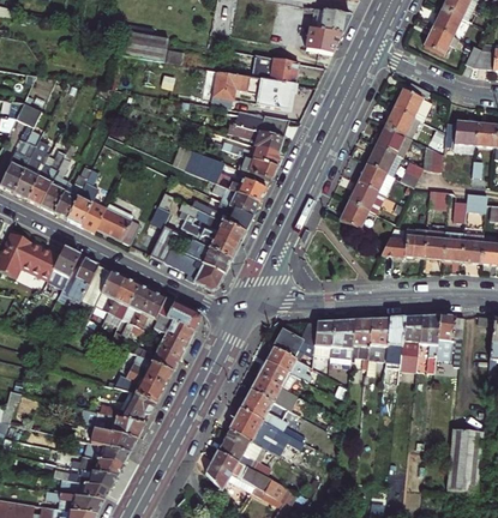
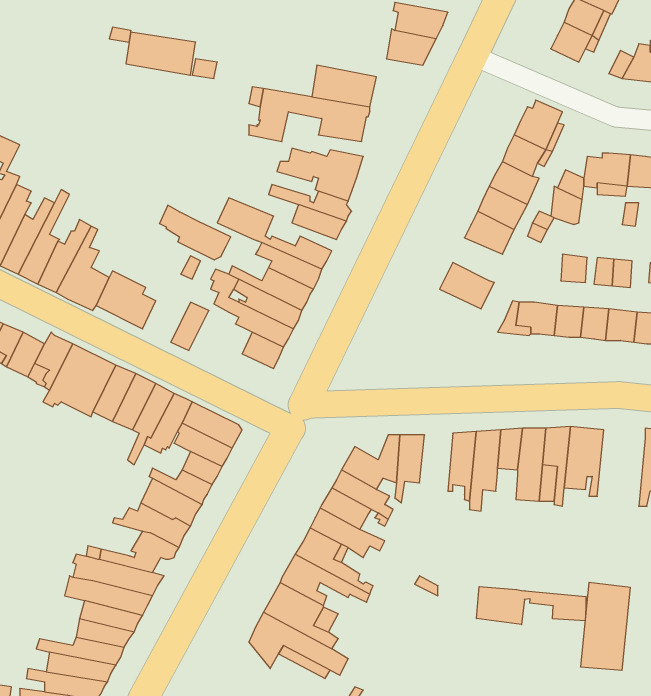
building: [353,180,389,211] -> none
building: [172,252,223,291] -> [159,205,231,260]
building: [328,321,353,369] -> none
building: none -> [477,587,586,625]

